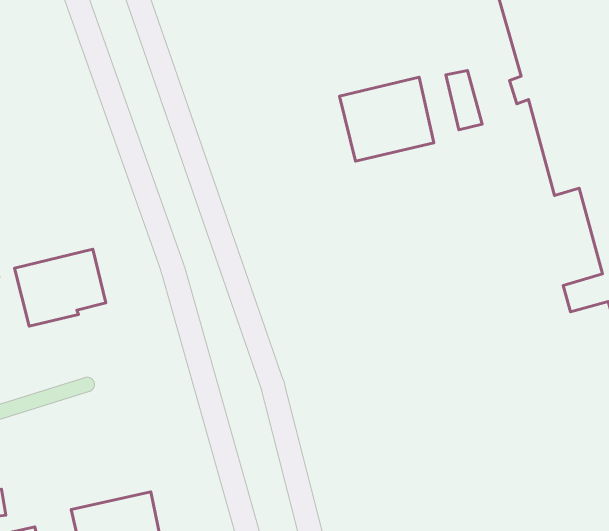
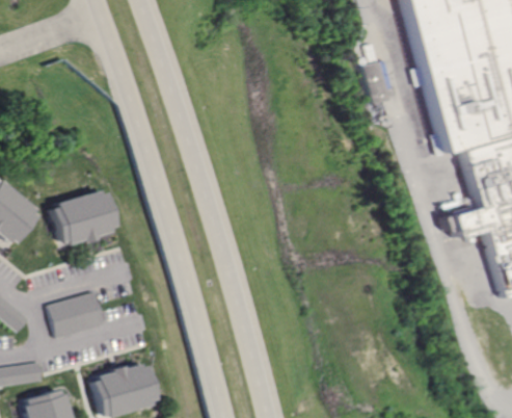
building: [339,77,434,161] -> none
building: none -> [49,290,107,338]

